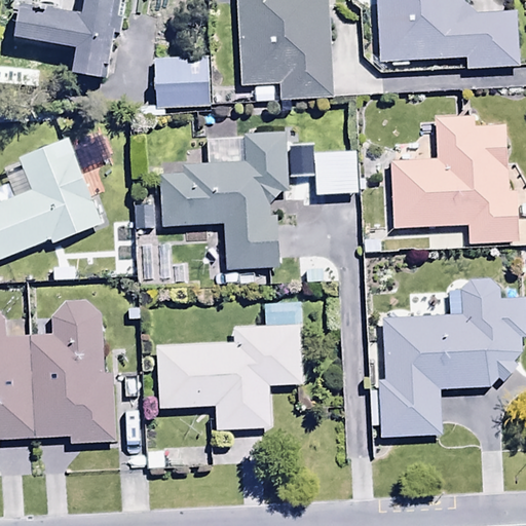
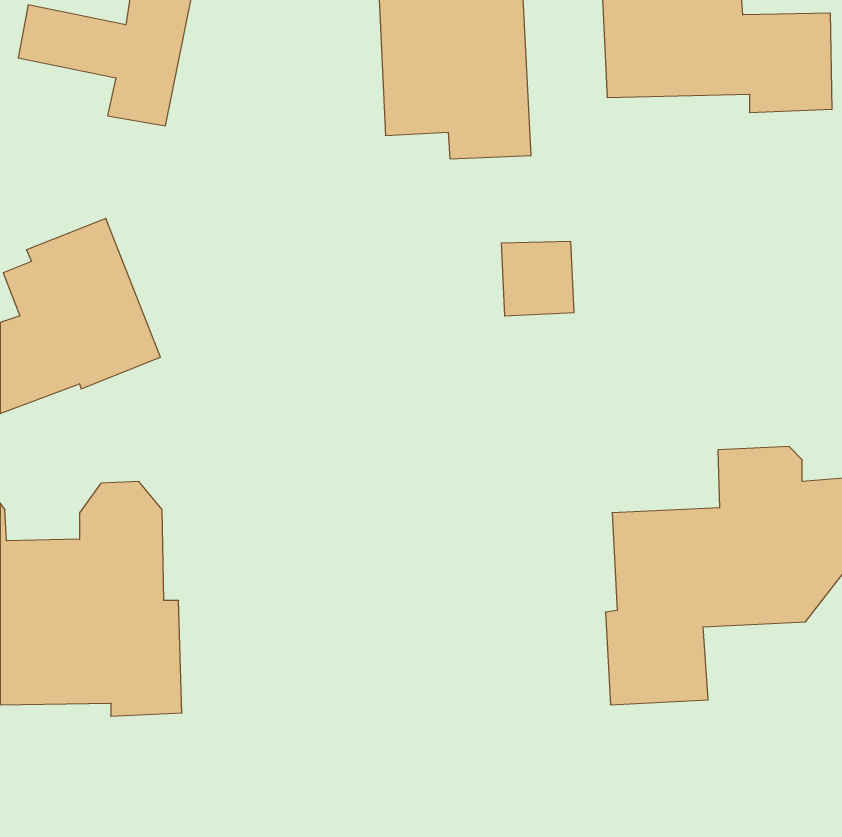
building: [154,58,211,106] -> none
building: [391,113,519,246] -> none
building: [159,132,289,270] -> none
building: [156,300,305,430] -> none

